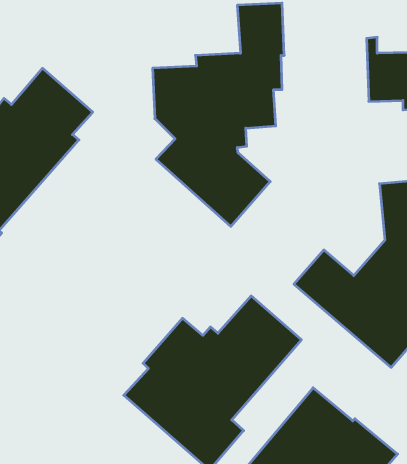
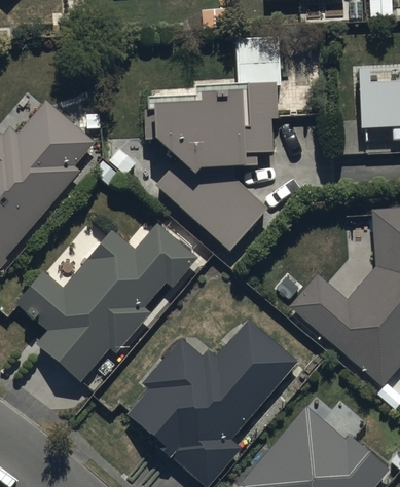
building: none -> [17,224,198,382]

